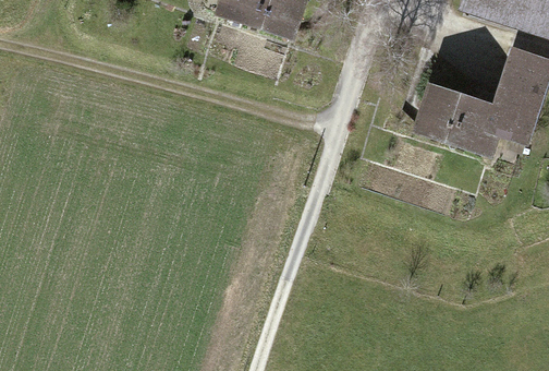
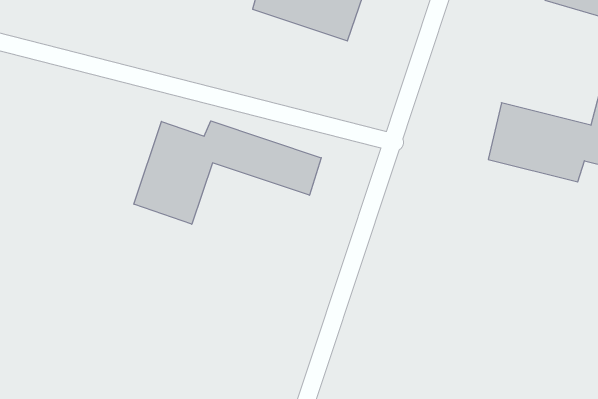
building: none -> [134,121,321,224]

